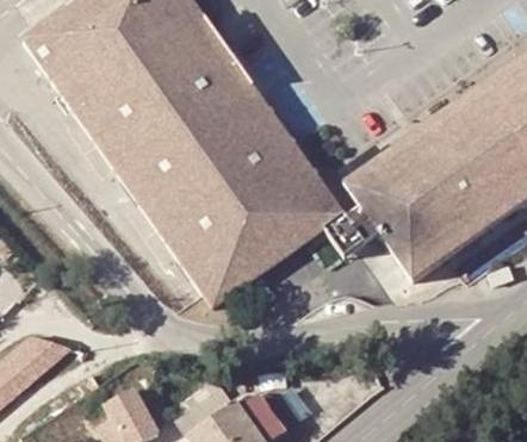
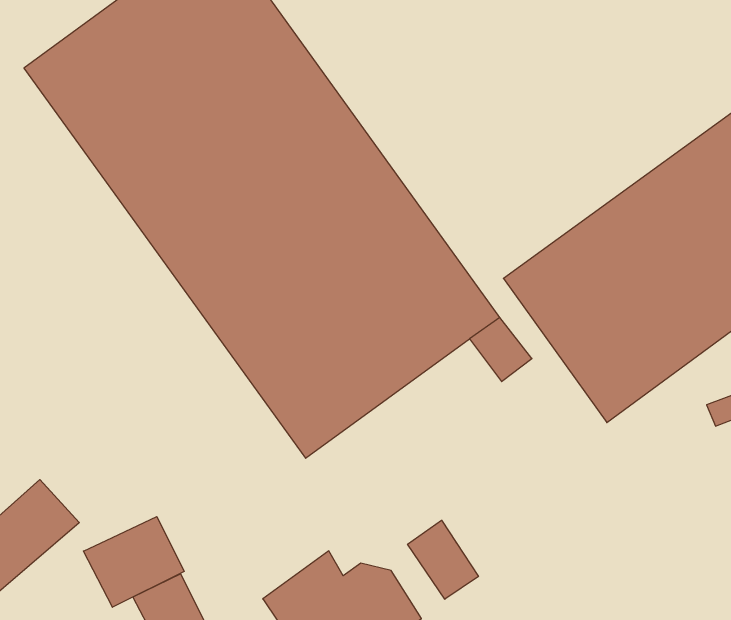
building: none -> [83,517,184,607]
building: none -> [408,520,478,599]

